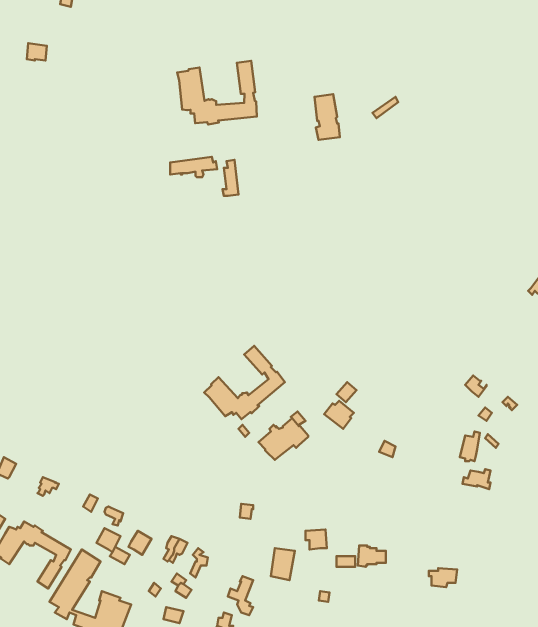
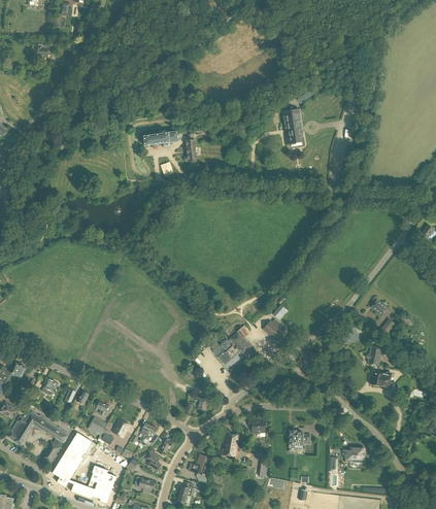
building: [177,61,257,124] -> none
building: [314,94,340,140] -> [283,108,303,143]
building: [204,346,285,419] -> none

